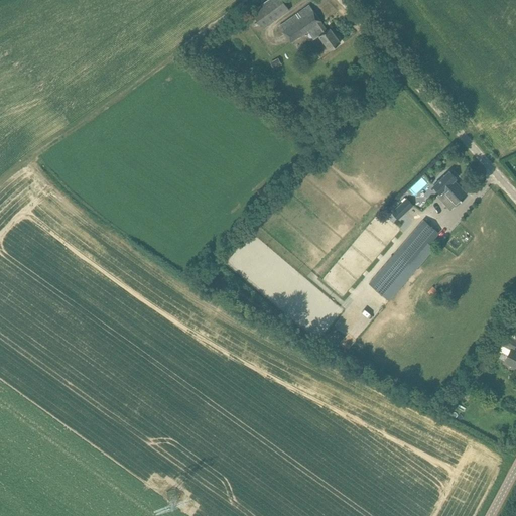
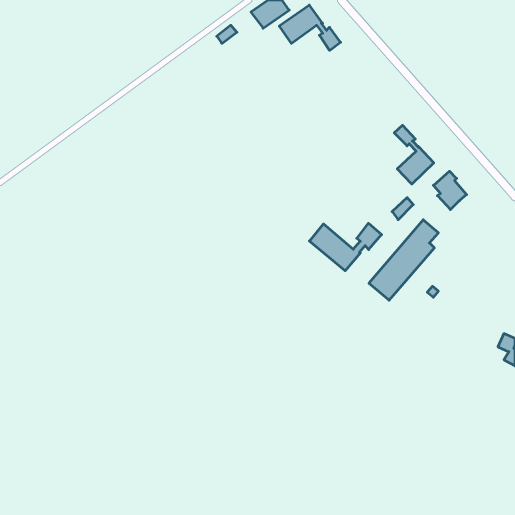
building: none -> [394,125,434,184]
building: none -> [309,223,382,271]

